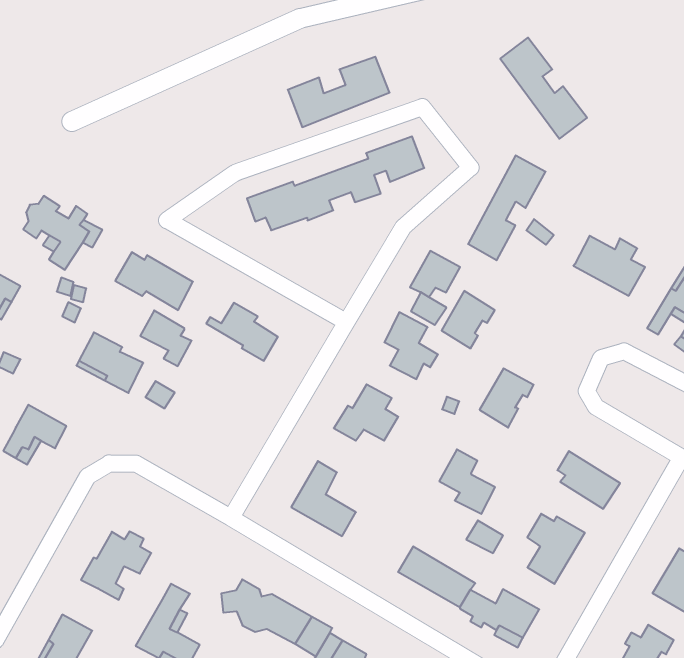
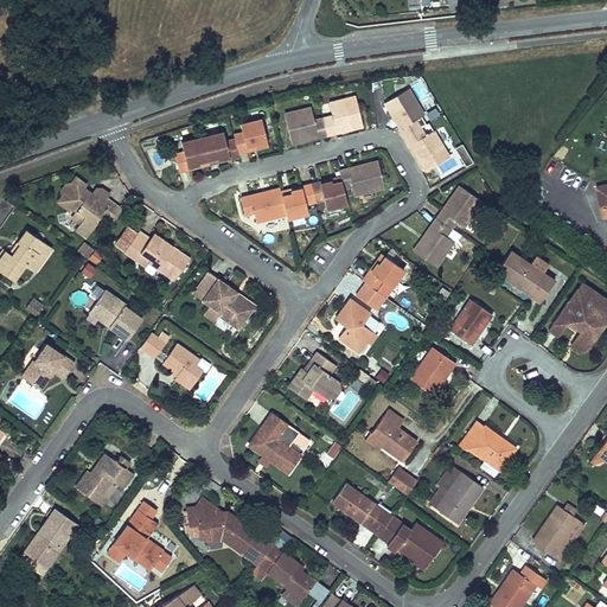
building: [500,38,587,139] -> [384,87,448,170]
building: none -> [177,116,268,168]
building: [442,291,495,348] -> [443,304,487,350]
building: [140,310,192,366] -> [167,341,207,388]

